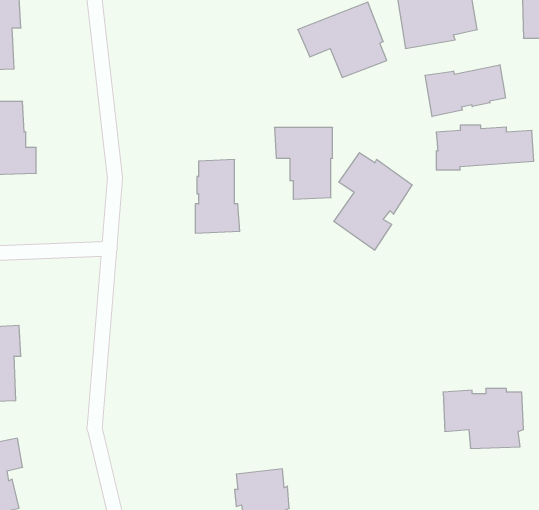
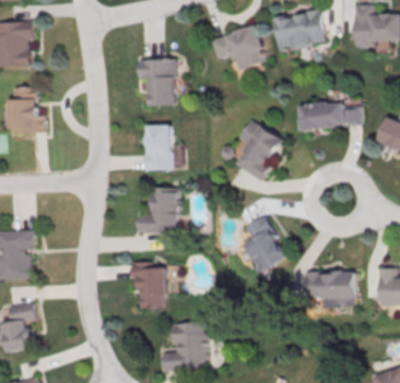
building: [425,65,505,117] -> none
building: [274,128,333,199] -> [139,59,176,105]
building: none -> [137,187,177,234]
building: none -> [245,215,286,271]
building: none -> [130,260,166,308]

